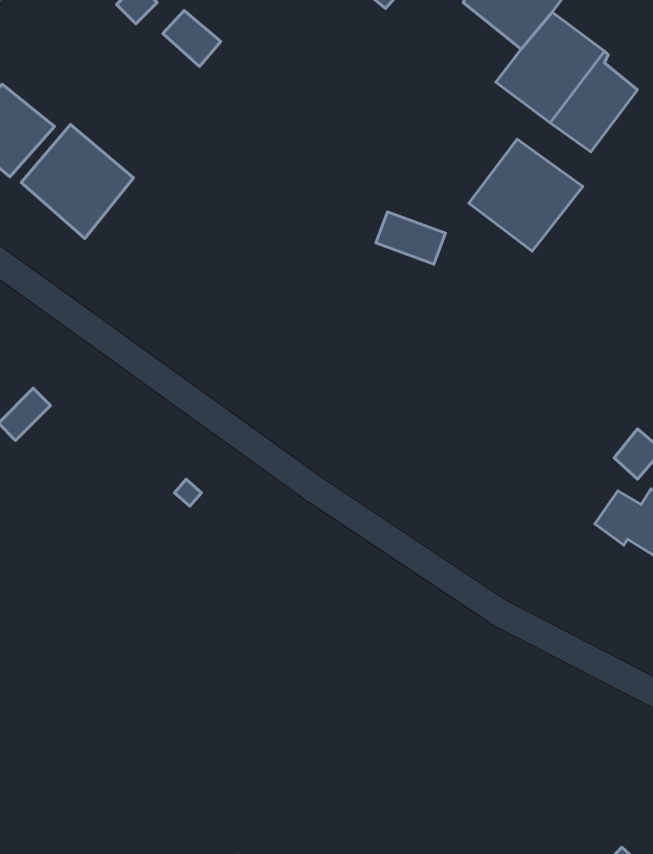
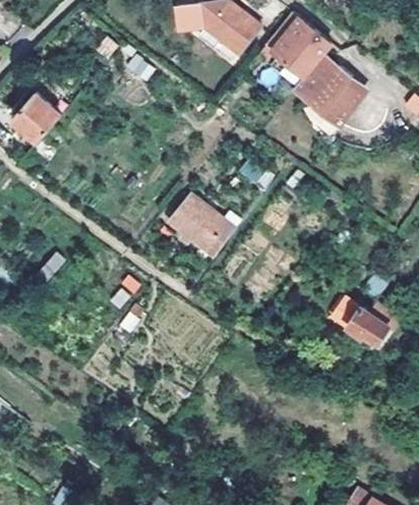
building: [21,124,134,238] -> none
building: [469,139,583,251] -> none
building: none -> [170,194,235,256]

